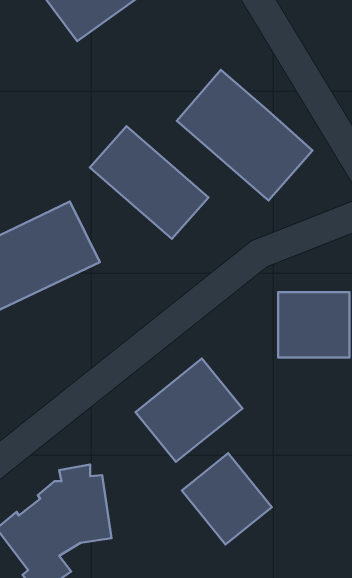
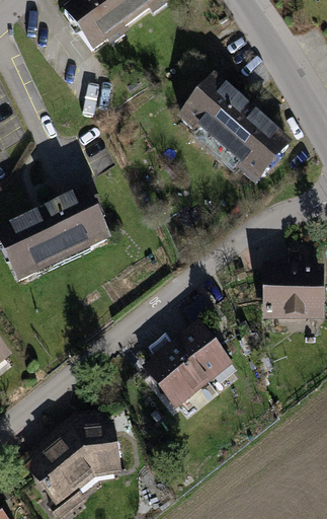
building: [90,126,208,239] -> none
building: [182,453,272,545] -> none

